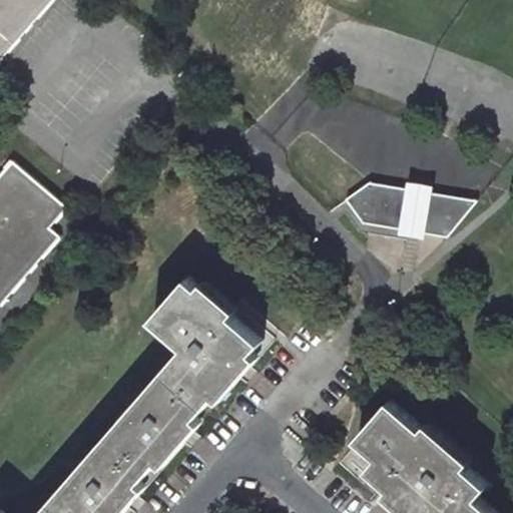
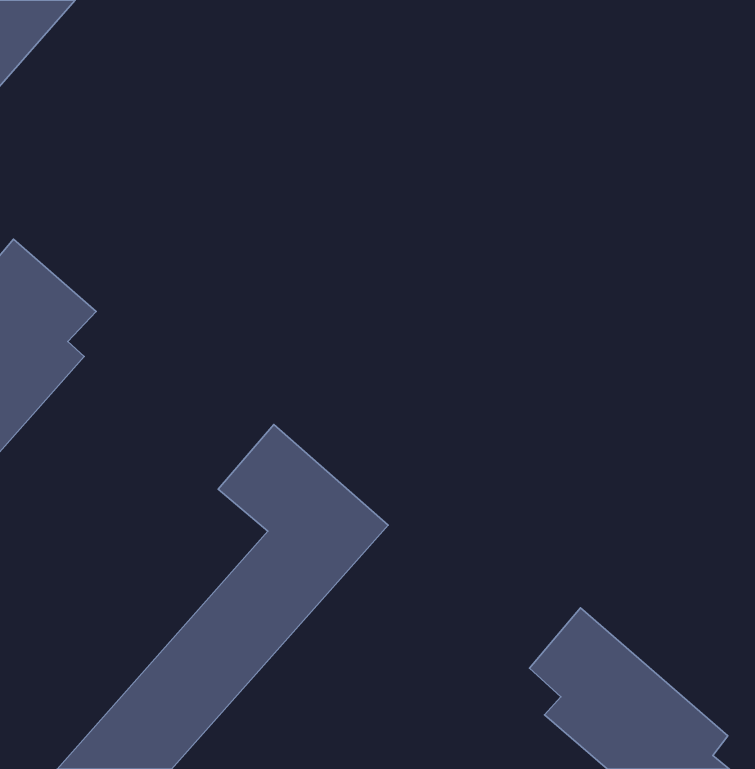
building: [336,181,405,228] -> none
building: [410,189,472,234] -> none

